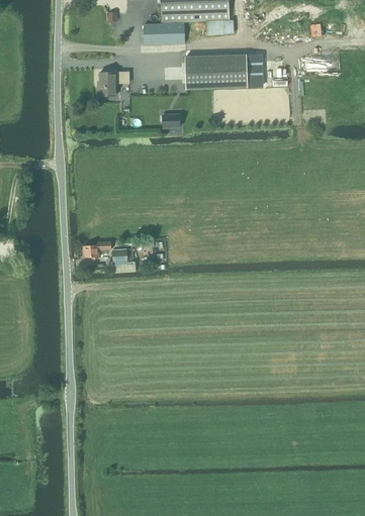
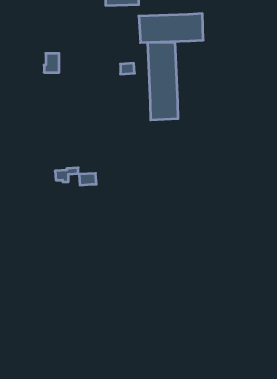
building: [98,71,116,94] -> [44,53,59,72]
building: none -> [148,42,178,120]

